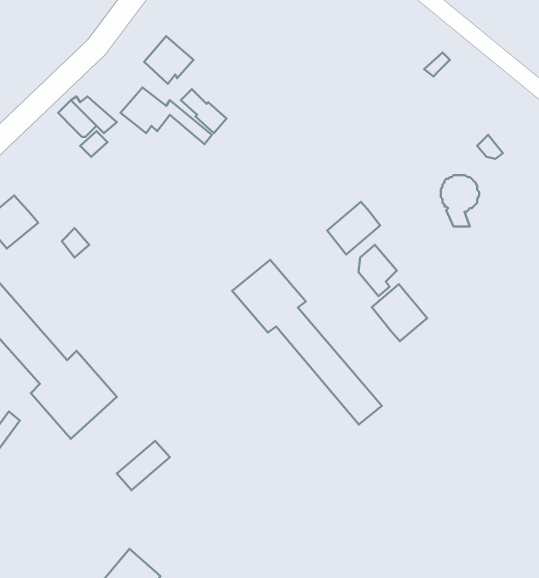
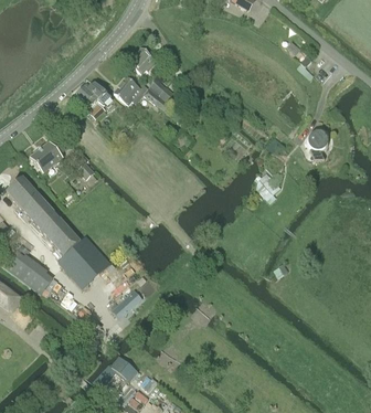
building: [327,202,380,254] -> none
building: [232,260,382,424] -> none
building: [372,284,427,341] -> none

